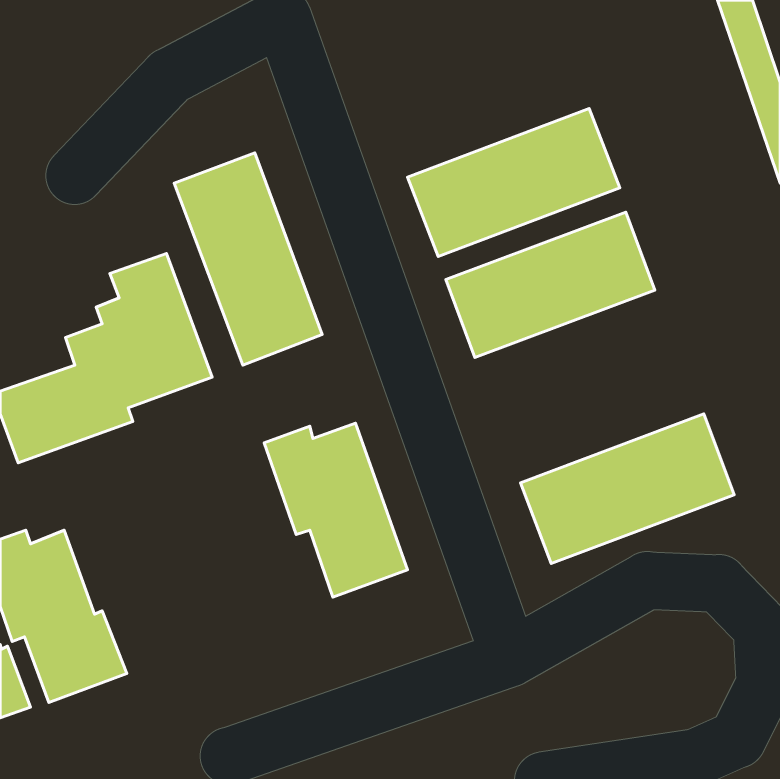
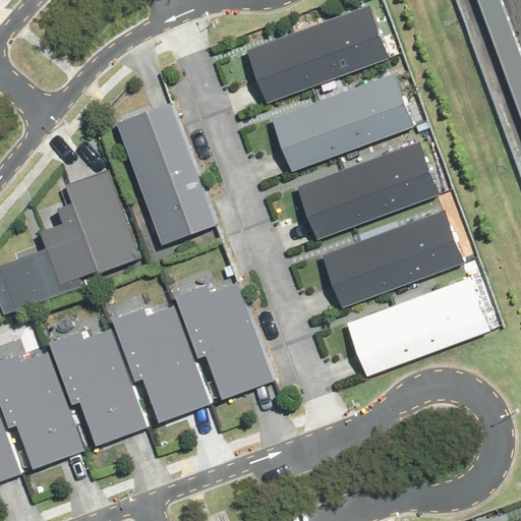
building: none -> [247,6,388,103]
building: none -> [323,211,462,307]
building: none -> [112,308,210,422]
building: none -> [49,332,148,446]

